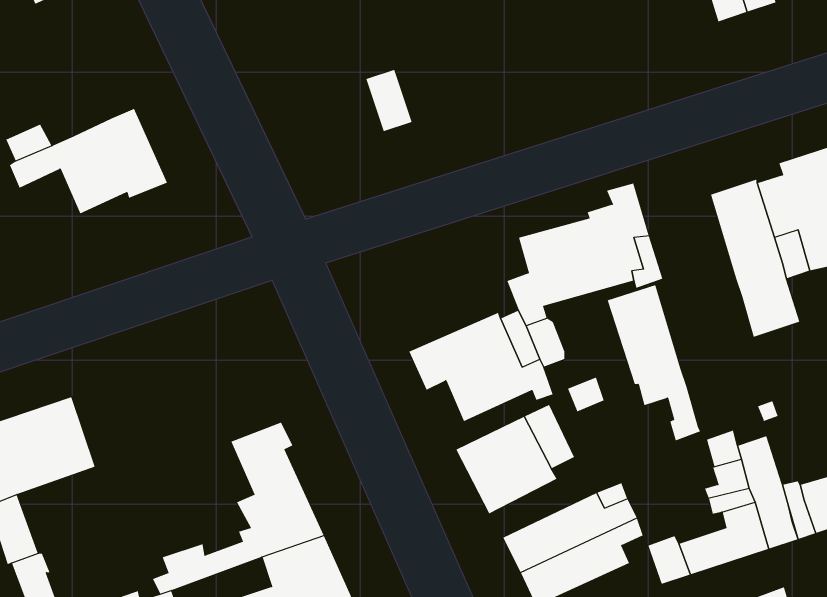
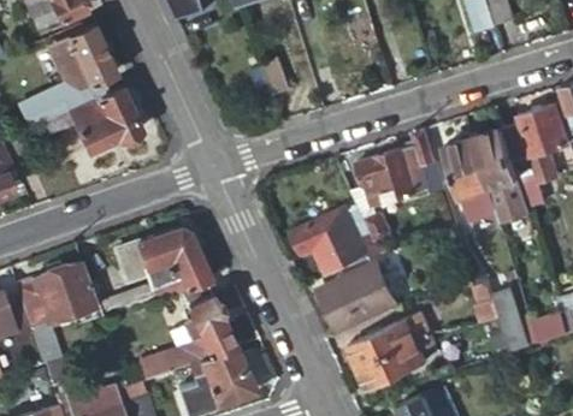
building: none -> [55,25,114,101]
building: [607,284,701,441] -> [443,137,501,233]
building: none -> [95,227,209,320]

